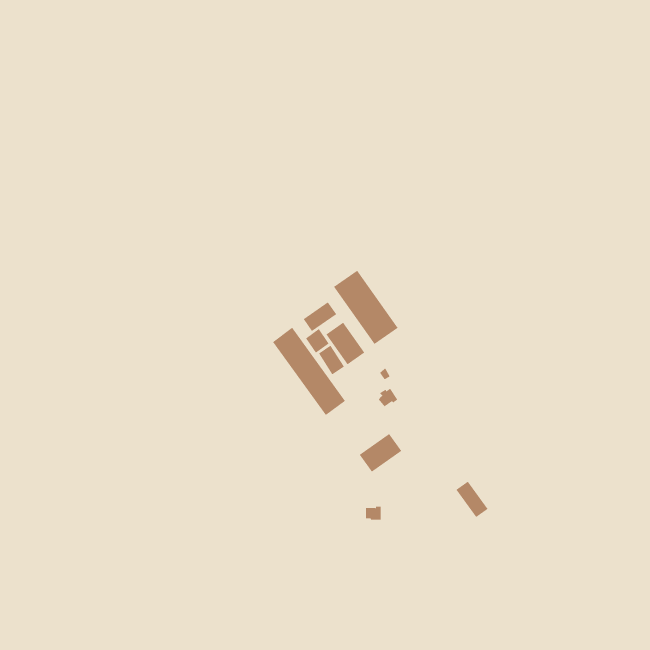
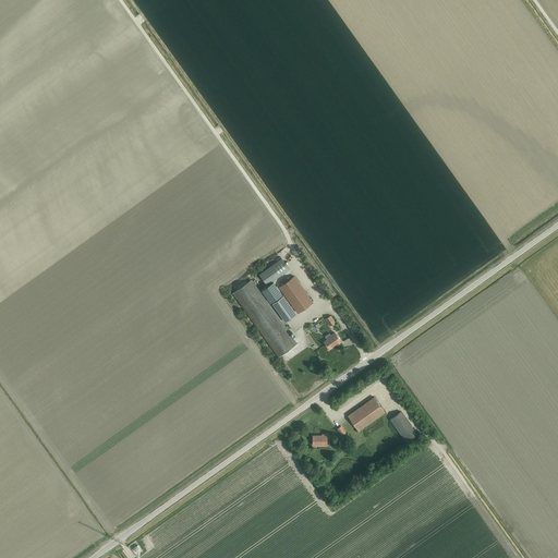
building: [333,270,398,345] -> none
building: [359,433,402,473] -> [348,397,385,430]

